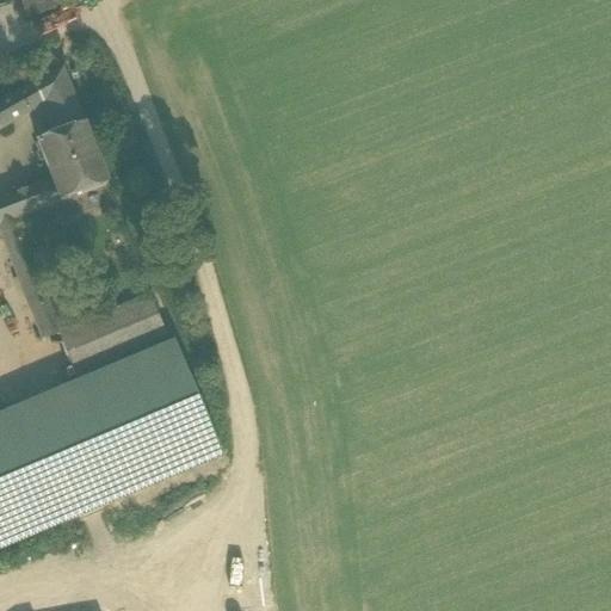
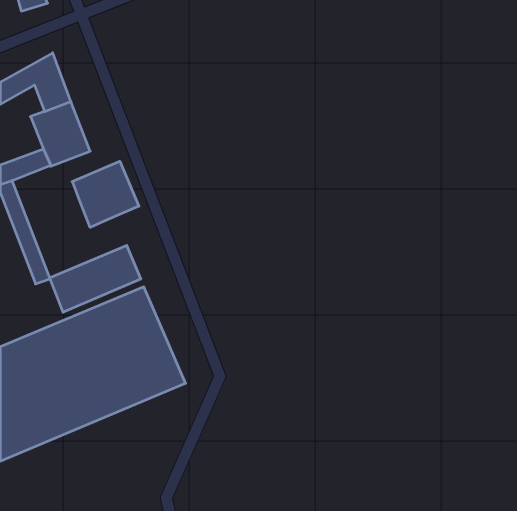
building: none -> [72,161,139,227]

